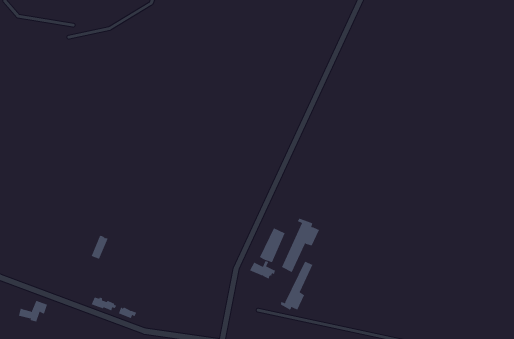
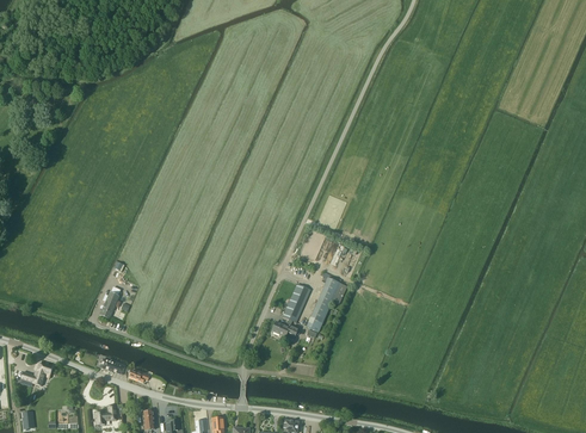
building: [280,261,313,311] -> none

